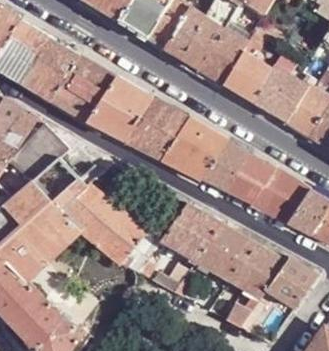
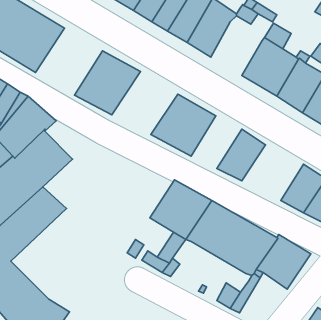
building: [220,49,270,101] -> none
building: [50,55,115,120] -> none
building: [124,97,188,158] -> none
building: [201,140,250,191] -> none
building: [250,168,310,222] -> none
building: [57,180,147,263] -> none

